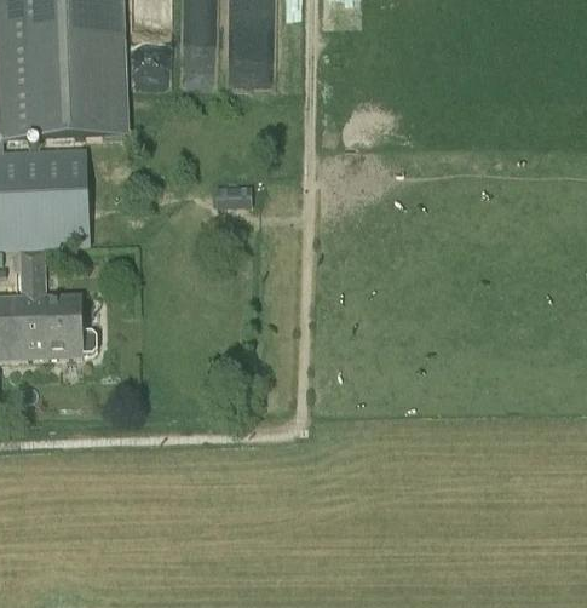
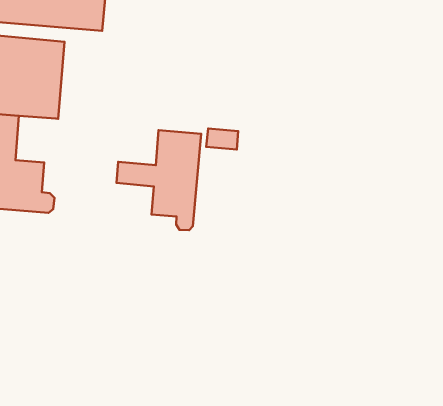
building: [215,184,252,207] -> [206,129,238,150]
building: none -> [116,130,201,230]

